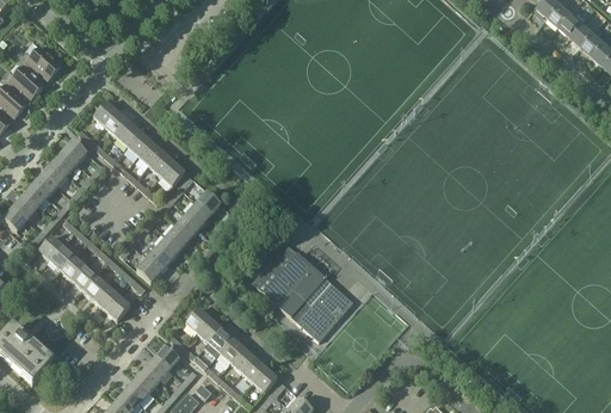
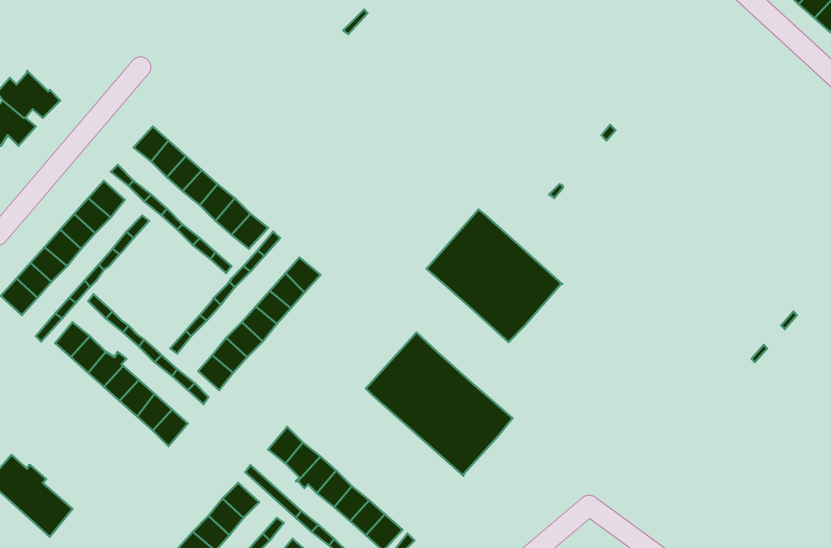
building: [17,43,61,80] -> none
building: none -> [426,210,562,342]

